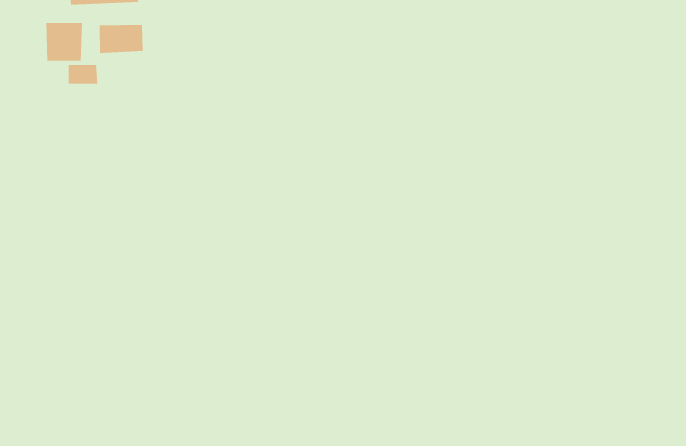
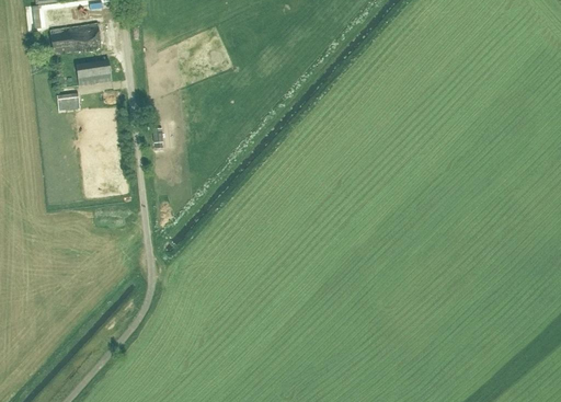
building: [46,22,83,61] -> none

